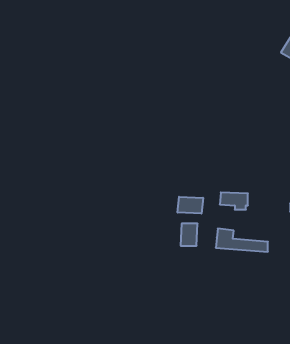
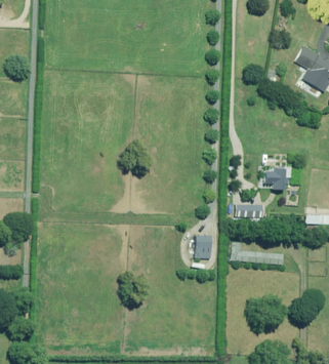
building: none -> [257,166,287,189]
building: [178,197,203,214] -> none

